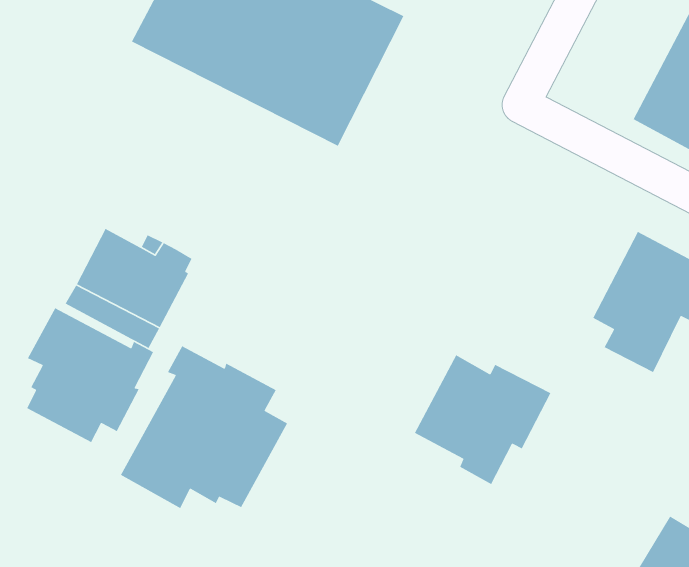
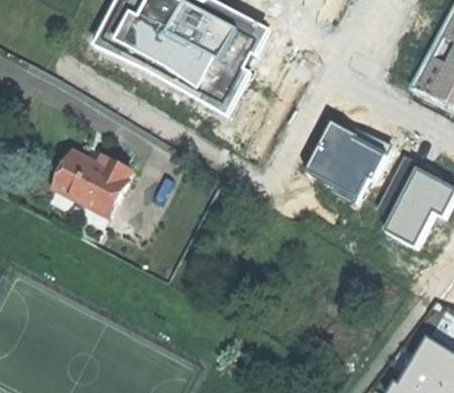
building: [26,307,154,443] -> none
building: [120,345,288,509] -> none
building: [414,354,551,485] -> [310,123,395,205]

